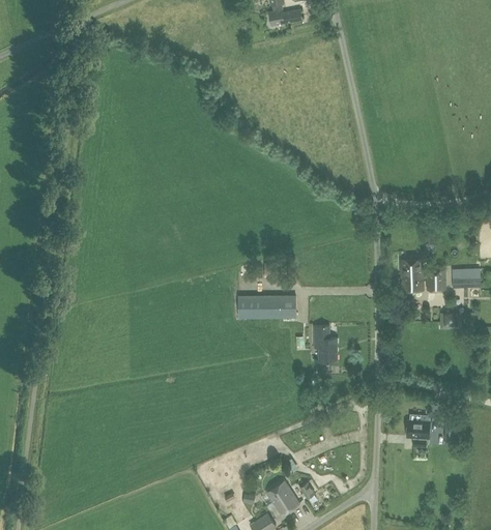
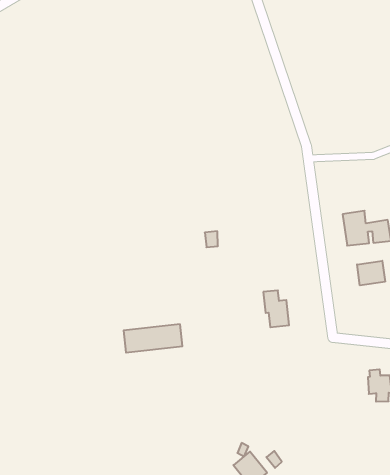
building: [238,297,294,319] -> [124,324,182,353]
building: none -> [357,261,385,285]

